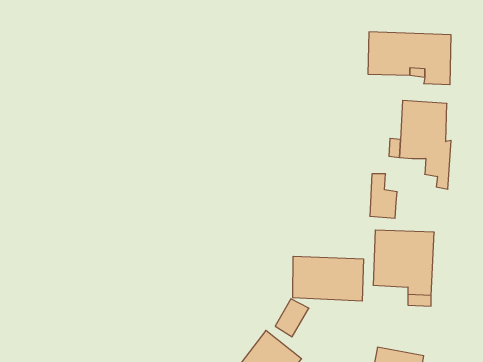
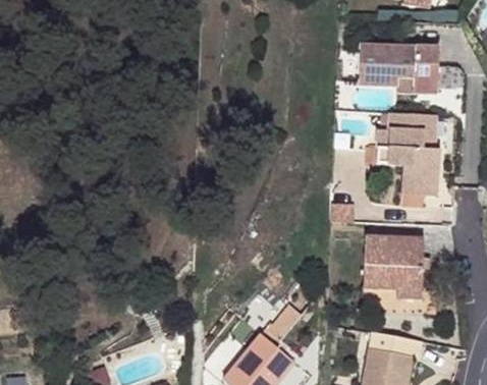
building: [370,174,397,218] -> [399,166,426,209]
building: [293,256,363,301] -> none

